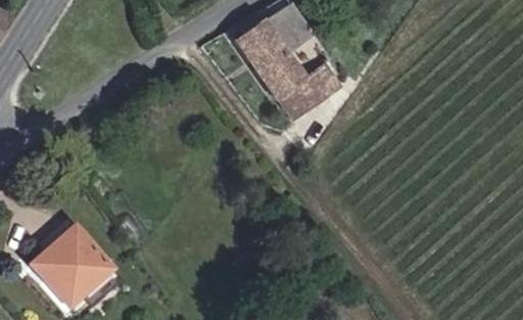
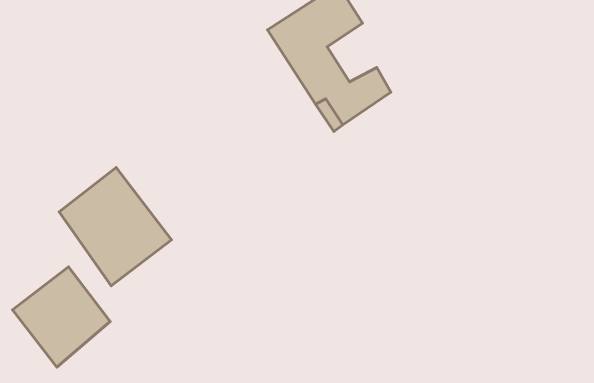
building: none -> [59,168,172,286]

